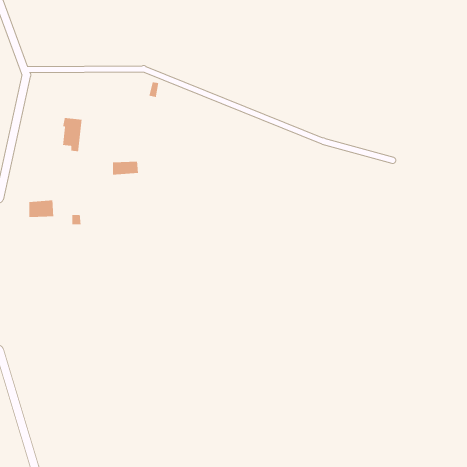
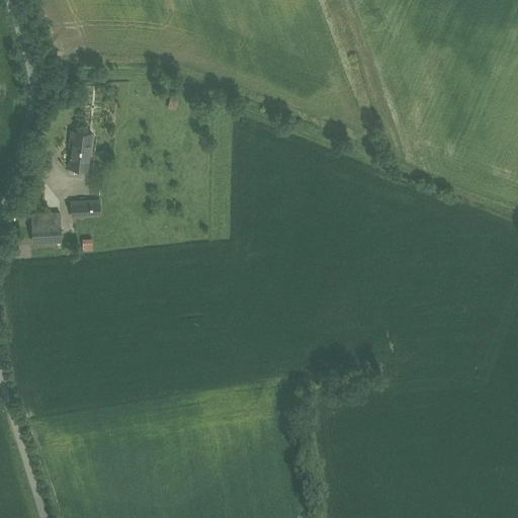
building: [112,161,139,175] -> [70,199,99,215]

